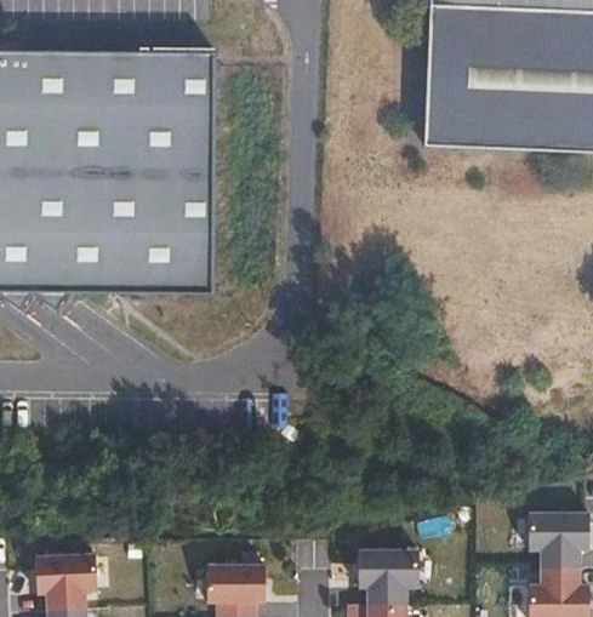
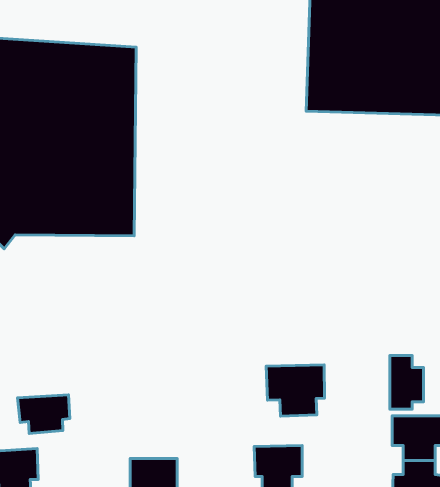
building: none -> [390,356,424,409]
building: none -> [266,365,325,416]
building: none -> [18,395,70,433]

